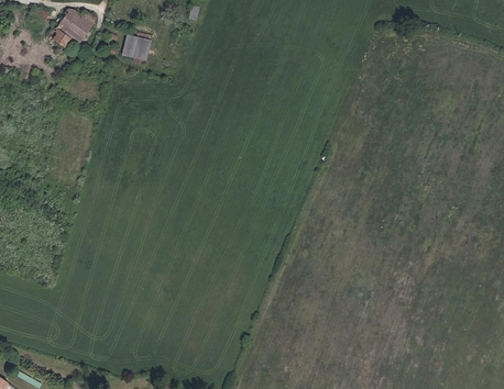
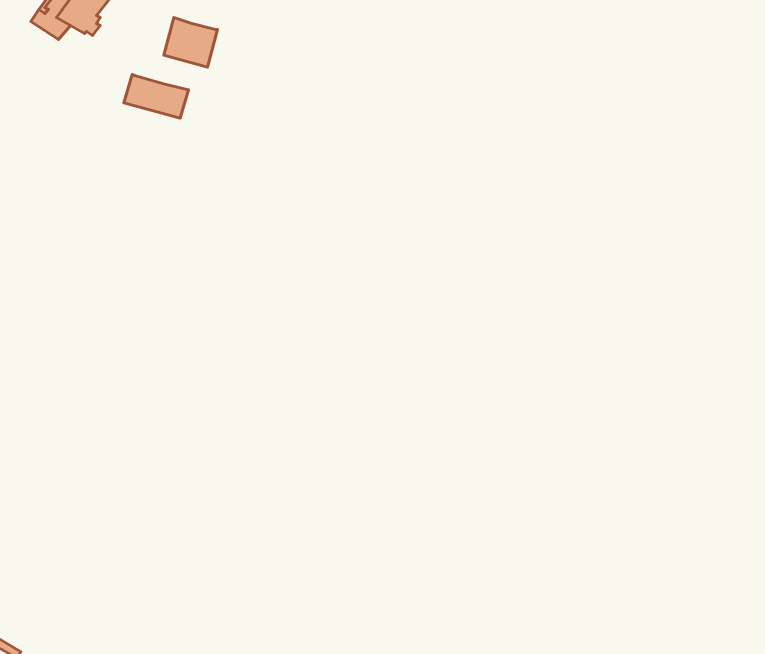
building: none -> [124,75,188,118]

